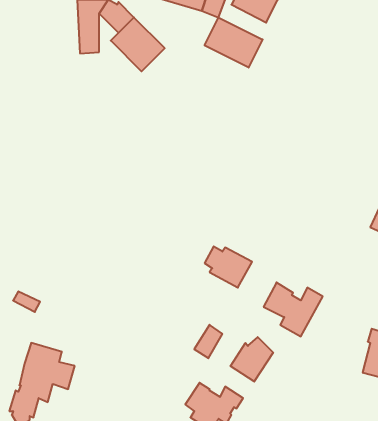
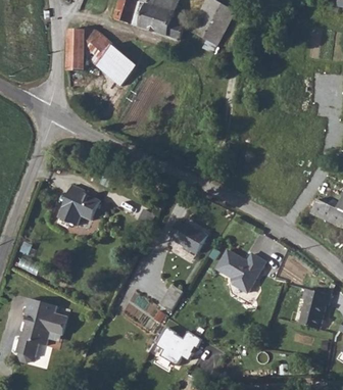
building: [205,17,263,68] -> none
building: none -> [59,184,101,224]
building: [231,337,273,382] -> none

